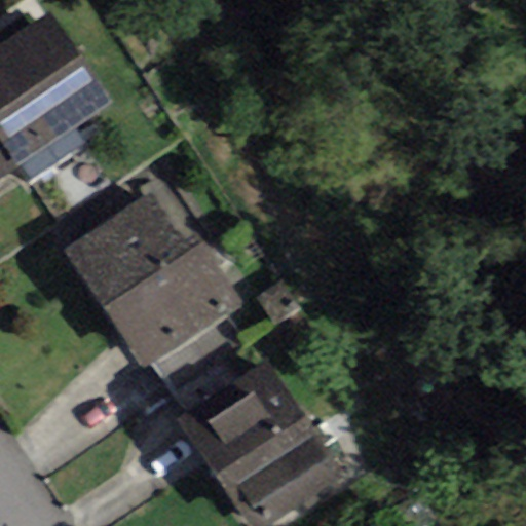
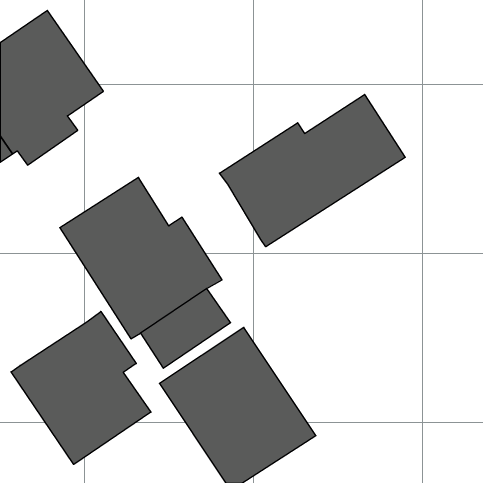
building: none -> [219,94,405,247]
building: none -> [11,311,151,464]

